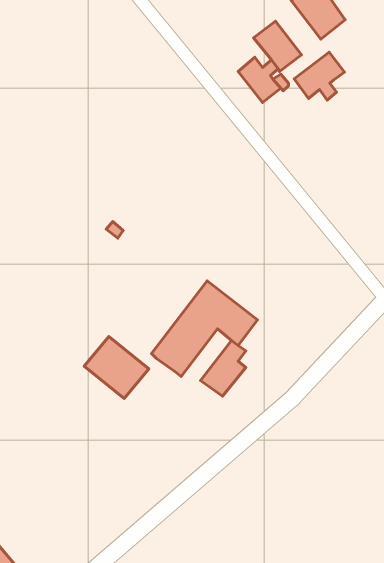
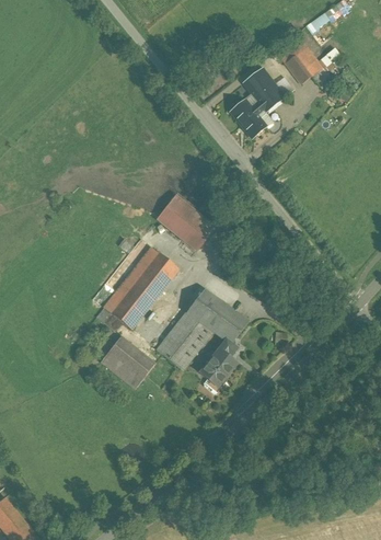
building: [294,52,345,100] -> none
building: none -> [157,200,210,251]
building: none -> [103,246,178,329]

